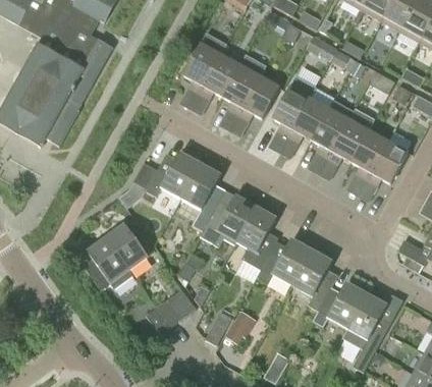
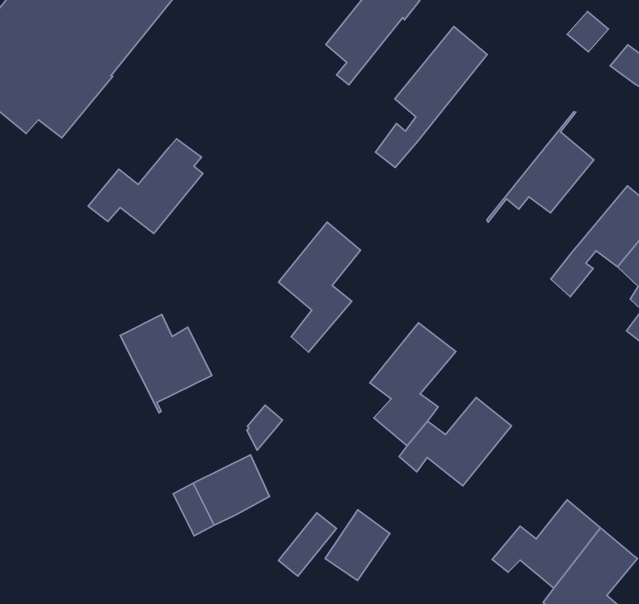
building: [199,54,247,97] -> none
building: [238,65,280,119] -> none
building: [271,75,315,149] -> none
building: [312,109,348,158] -> none
building: [145,149,200,199] -> [88,139,203,234]
building: [200,196,255,246] -> none
building: [86,239,131,289] -> none
building: [291,251,331,320] -> none

